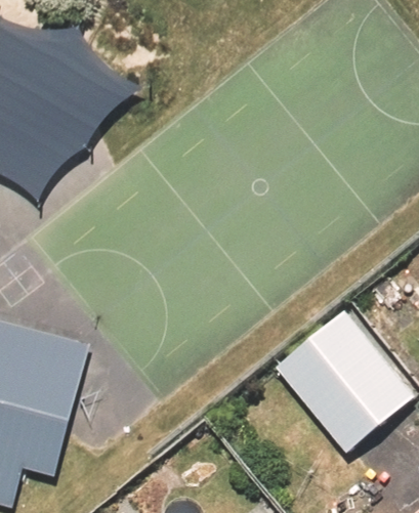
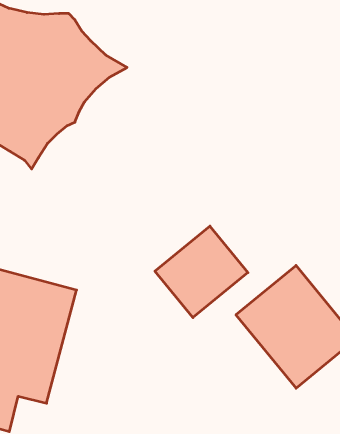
building: none -> [155,226,248,318]

